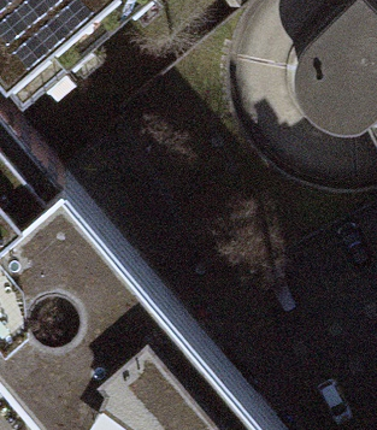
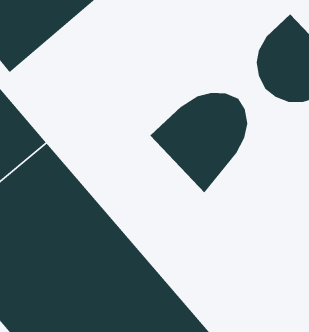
building: none -> [149,92,248,193]

